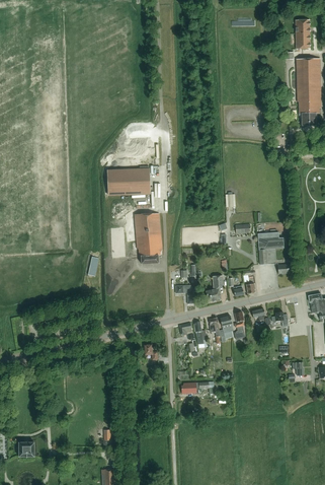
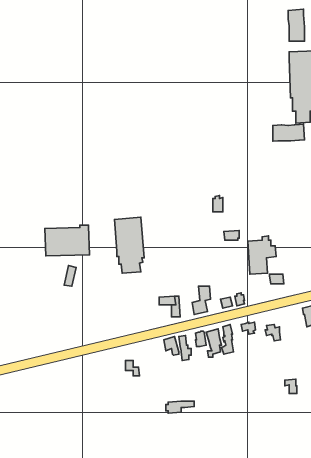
building: none -> [273,124,305,141]
building: [106,166,148,195] -> [45,225,90,256]

